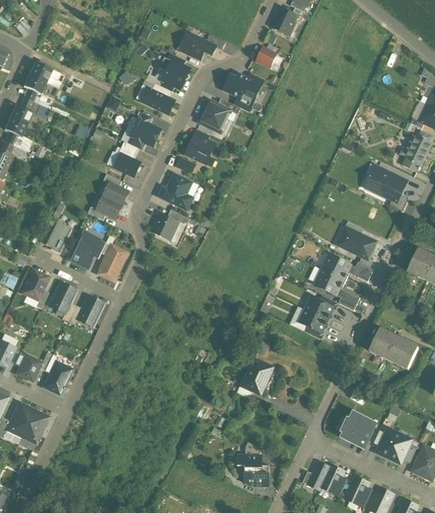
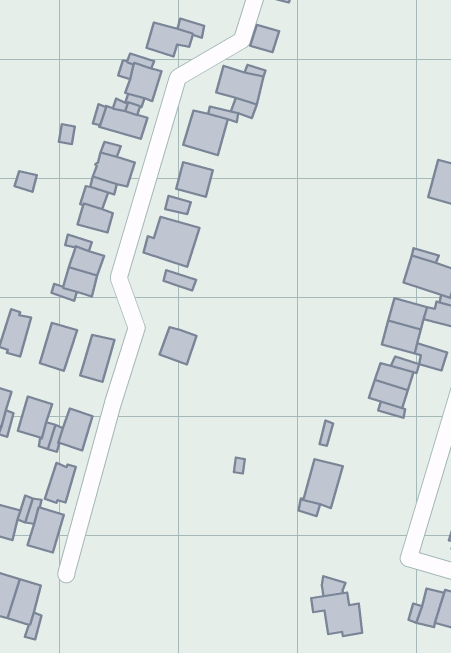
building: [150,212,178,240] -> [159,327,196,364]
building: none -> [45,463,76,503]

